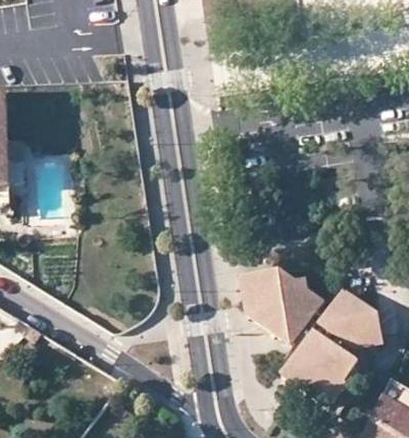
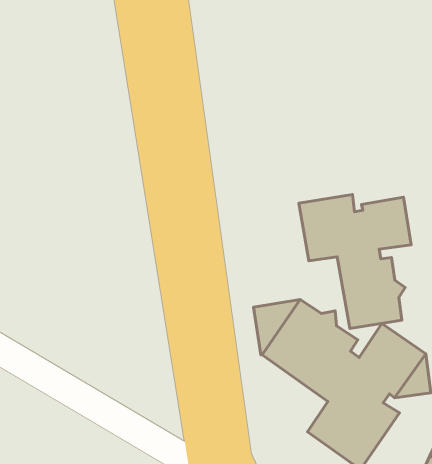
building: none -> [299,194,411,328]

